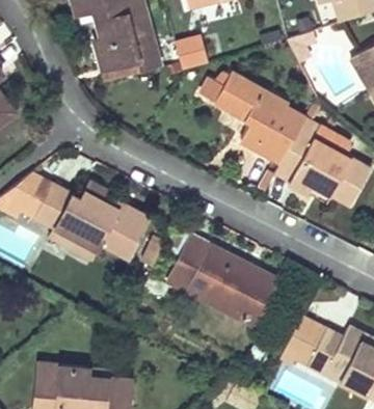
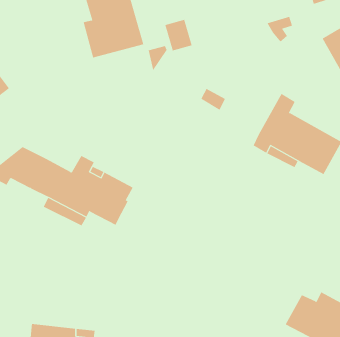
building: [199,70,304,160] -> none
building: [168,236,275,324] -> none
building: [289,319,326,362] -> none

